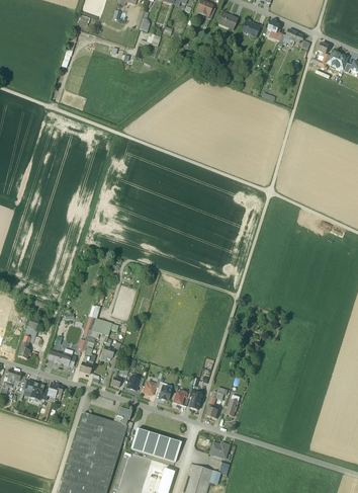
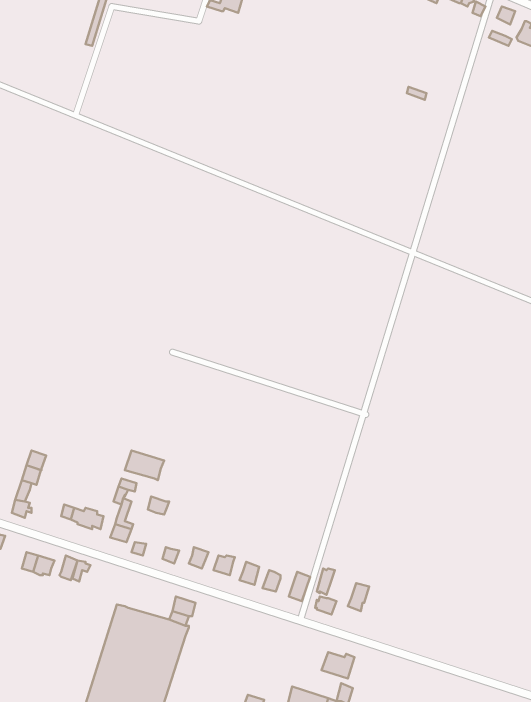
building: [130,429,181,463] -> none

